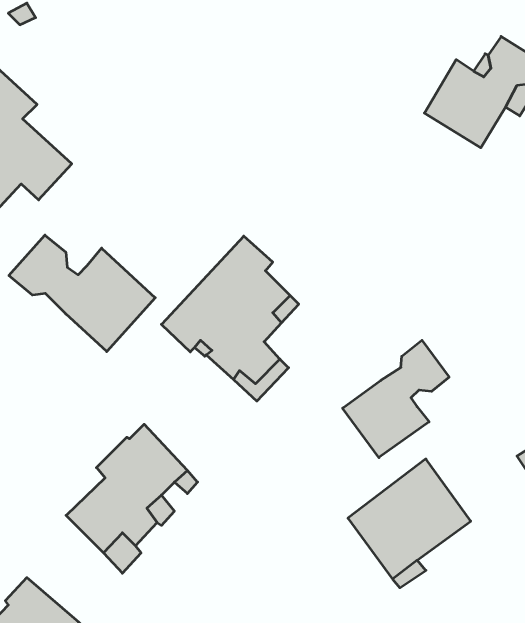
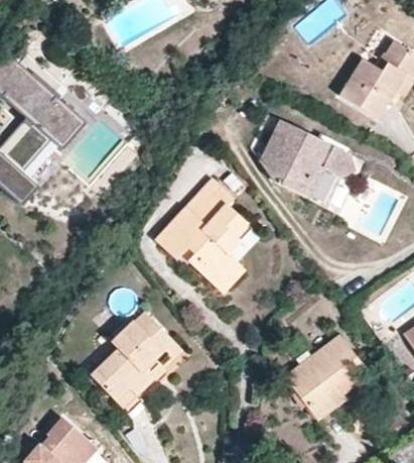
building: none -> [258,118,354,206]
building: [9,235,155,352] -> none
building: [343,340,449,458] -> none

